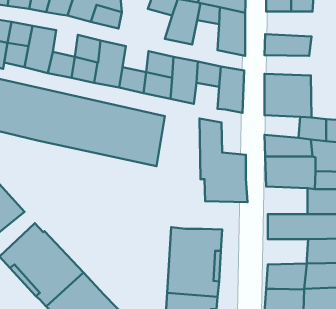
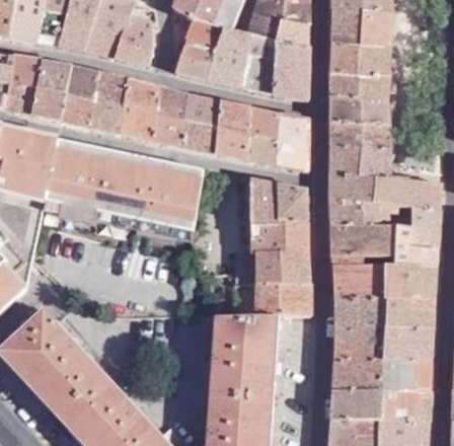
building: none -> [174,42,216,79]
building: none -> [332,45,391,76]
building: none -> [241,56,275,93]
building: none -> [67,68,98,101]
building: none -> [154,88,186,121]
building: none -> [331,99,389,125]
building: none -> [243,134,275,166]
building: none -> [331,174,376,203]
building: none -> [278,183,308,224]
building: none -> [333,264,385,298]
building: none -> [233,282,310,317]
building: none -> [335,329,386,361]

